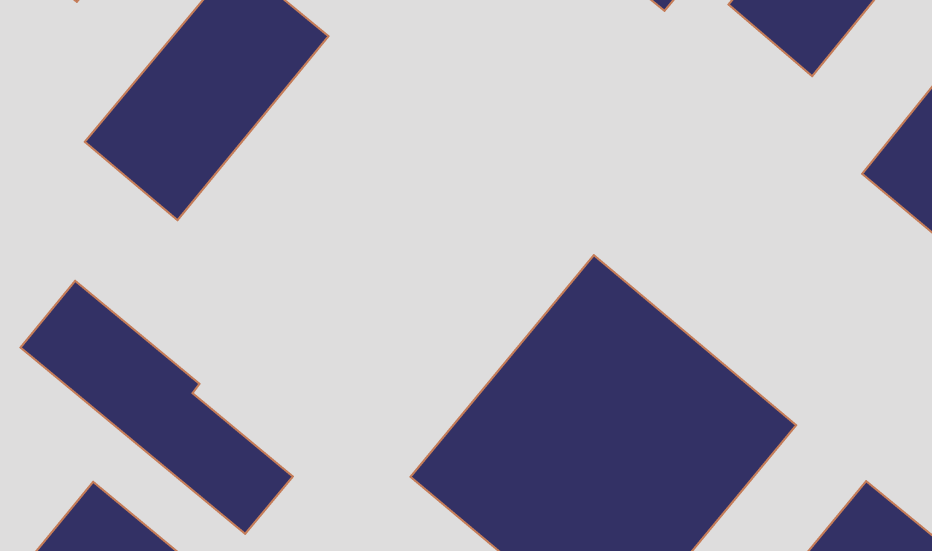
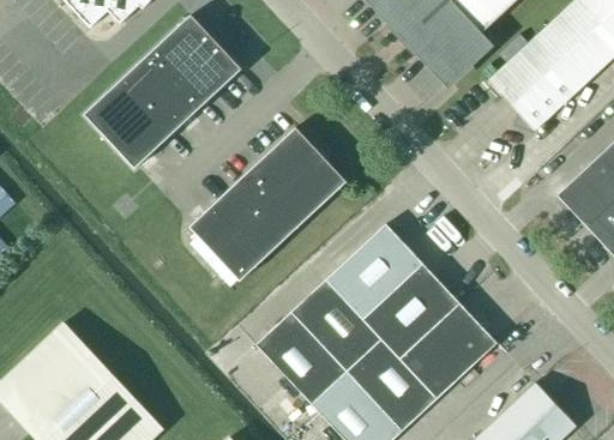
building: none -> [189,126,347,281]
building: [21,281,293,534] -> none

